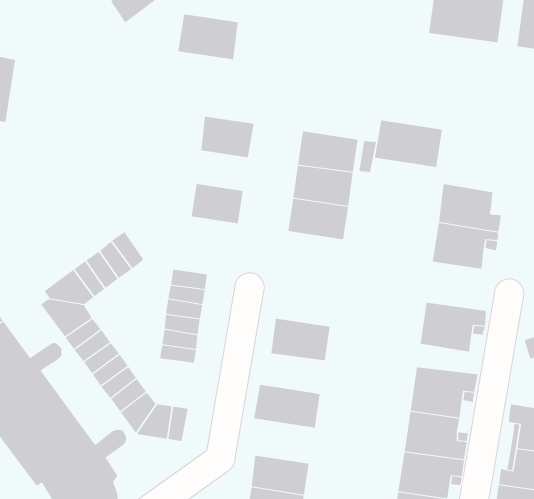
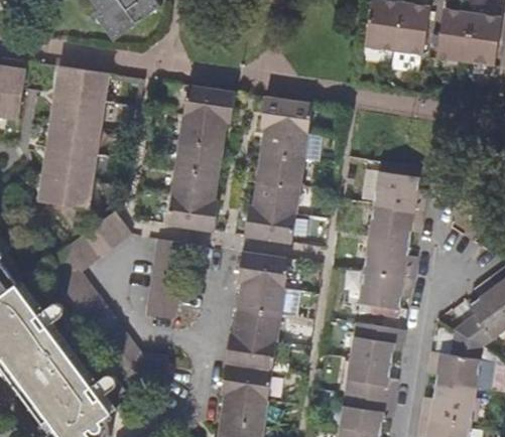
building: [177,14,239,60] -> [180,85,231,123]
building: none -> [36,65,110,233]
building: [374,120,443,167] -> [256,96,312,135]
building: none -> [173,144,217,177]
building: none -> [165,198,215,234]
building: none -> [240,209,295,246]
building: none -> [363,236,415,276]
building: none -> [233,253,289,289]
building: none -> [231,311,280,344]
building: none -> [217,365,272,402]

